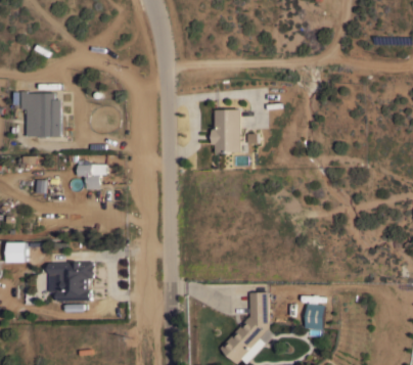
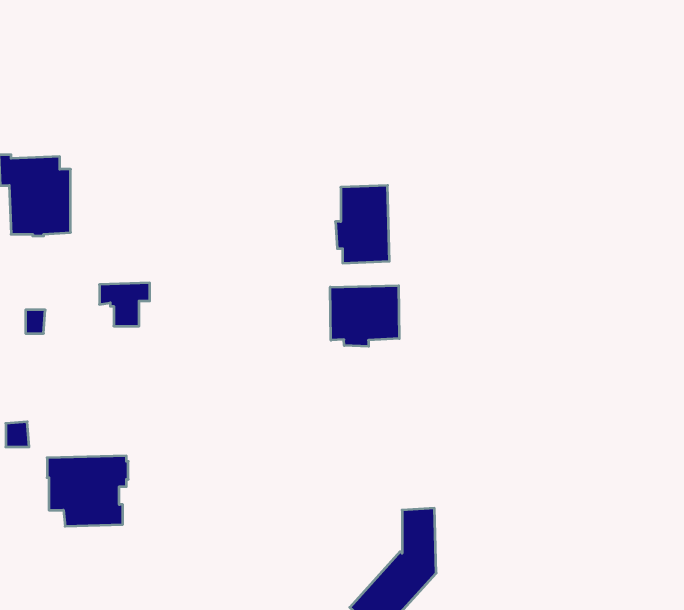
building: none -> [330,286,399,346]
building: [304,304,325,330] -> none

